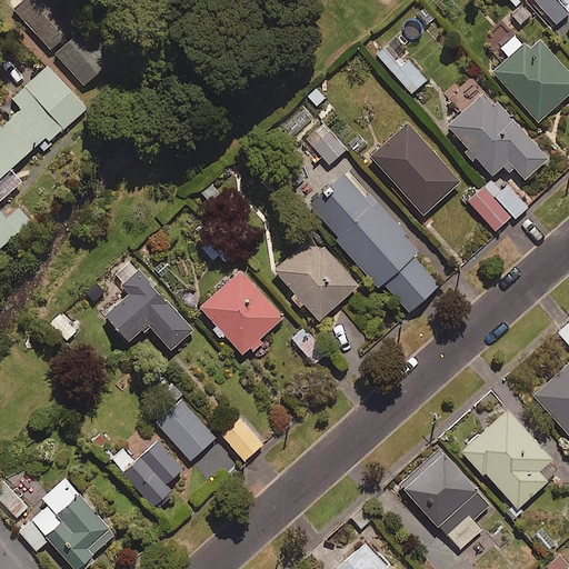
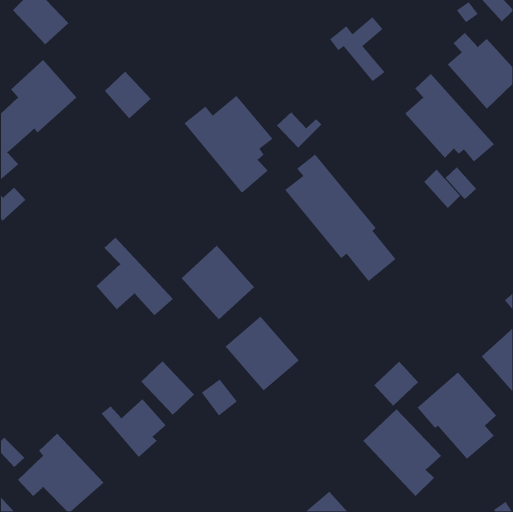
building: [57,31,109,84] -> [104,71,151,119]
building: none -> [183,95,274,194]
building: [371,124,460,214] -> none
building: [274,236,358,320] -> [224,315,300,392]
building: none -> [373,361,419,406]

